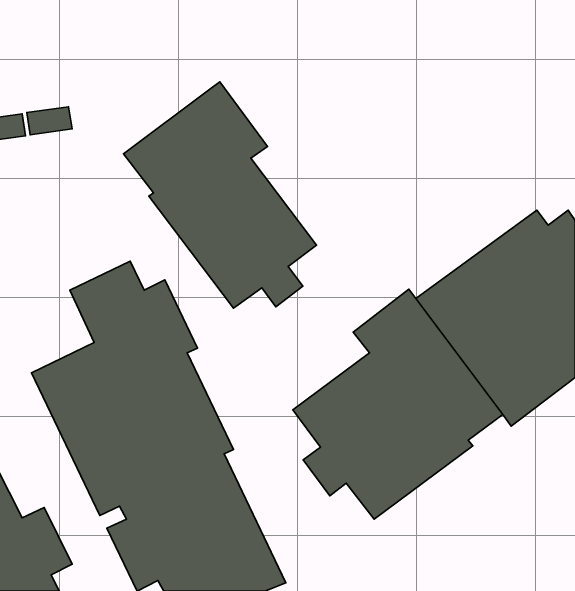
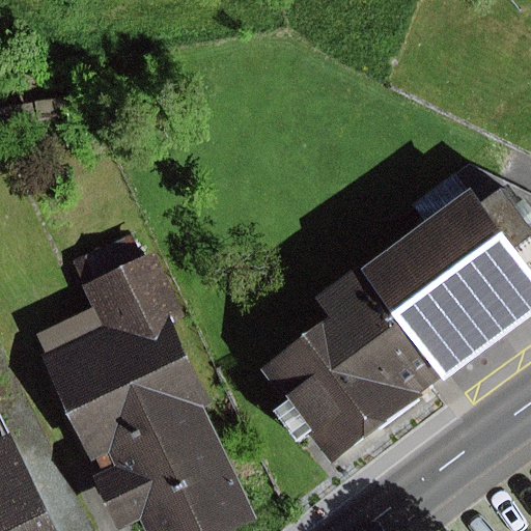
building: [124,82,317,308] -> none

